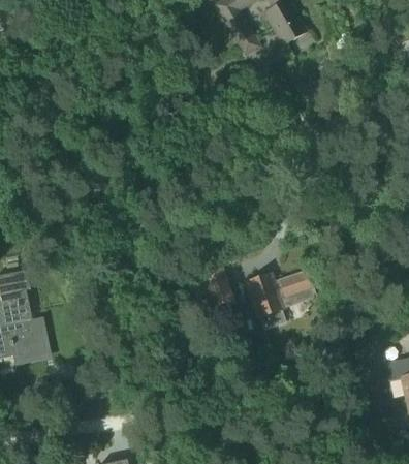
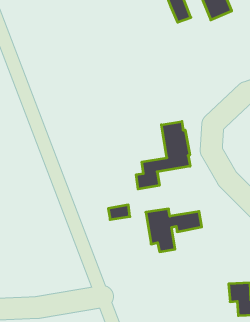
building: none -> [136,121,190,189]

